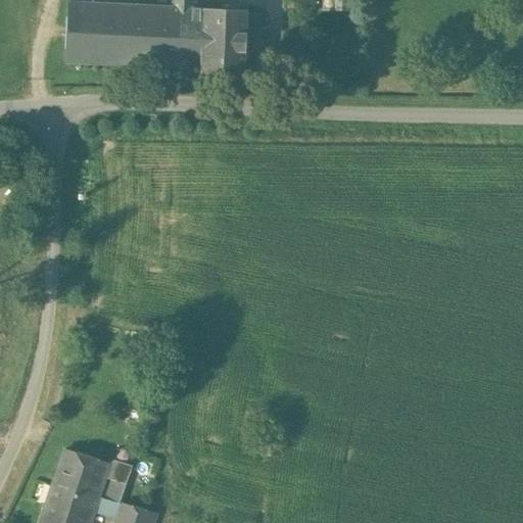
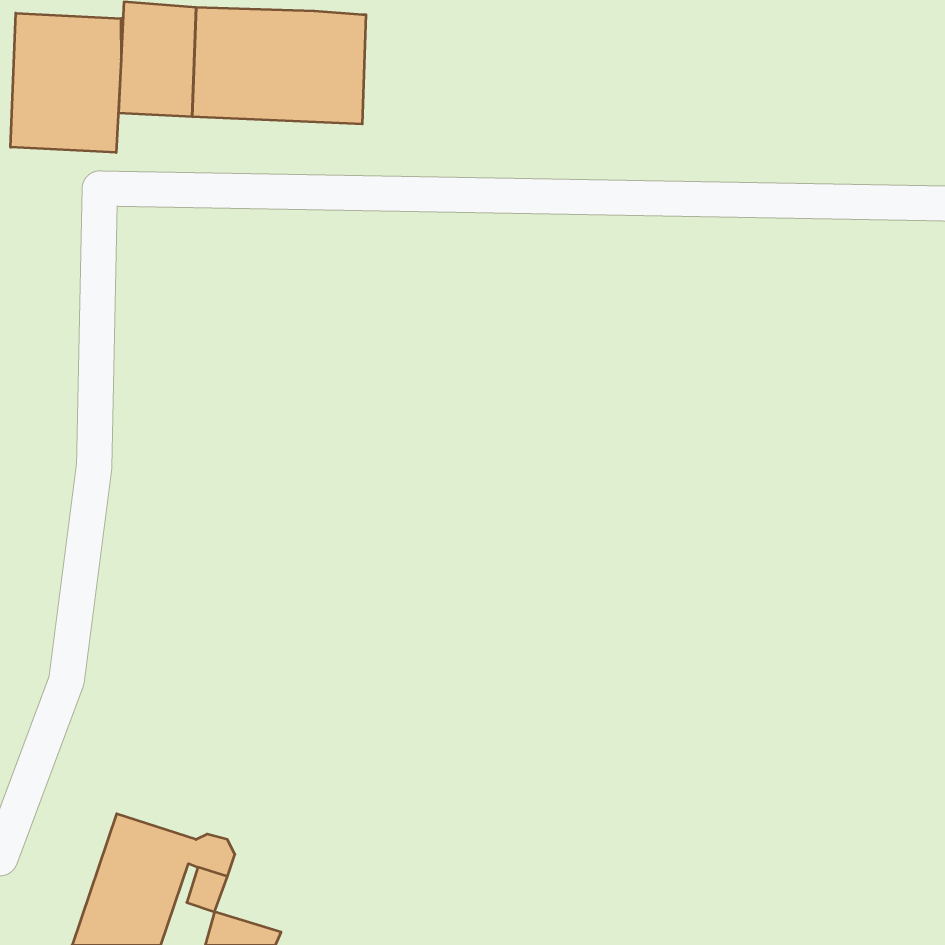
building: none -> [11,13,121,153]
building: [200,8,249,75] -> none

